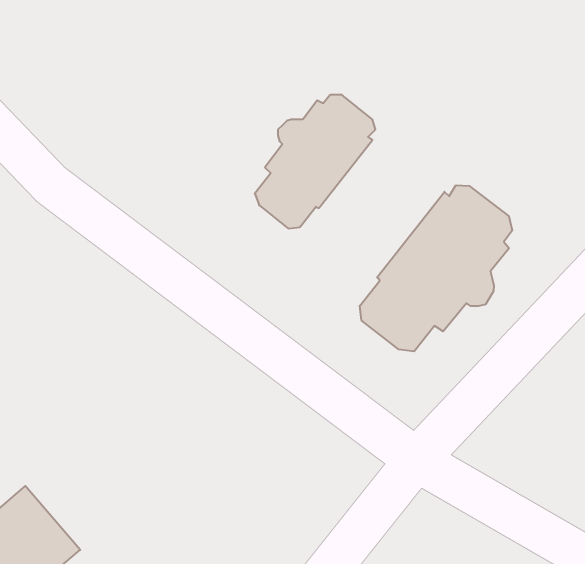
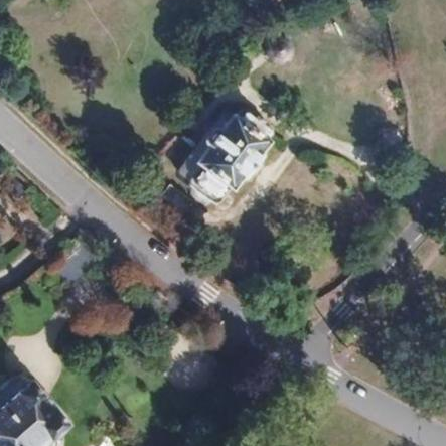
building: [360,185,512,351] -> none

